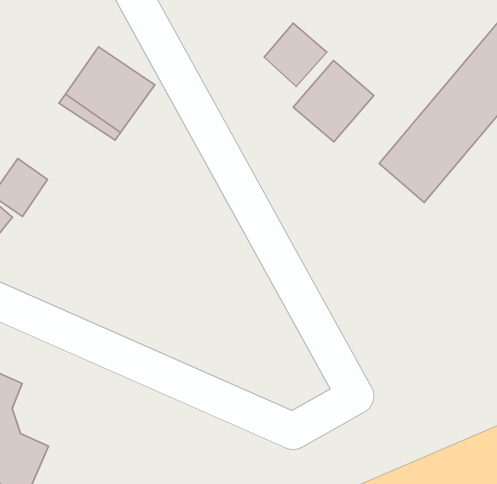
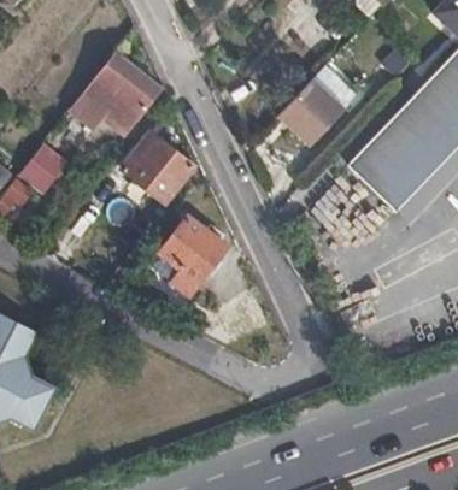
building: [264,23,327,87] -> none
building: none -> [119,134,195,203]
building: none -> [158,216,227,296]

